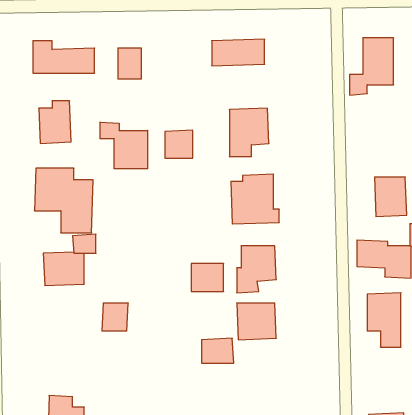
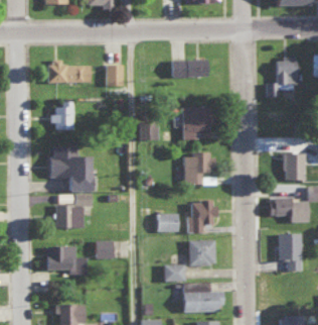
building: [100,122,148,169] -> none
building: none -> [46,246,87,275]
building: none -> [182,288,222,313]

